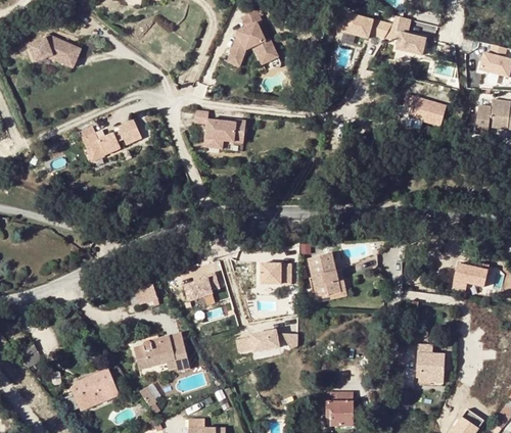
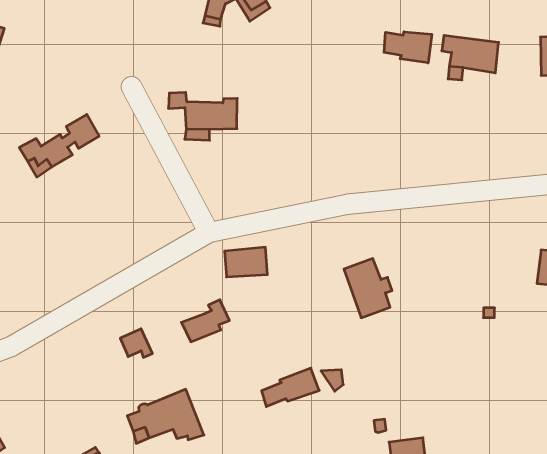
building: none -> [384,32,432,63]
building: [259,263,290,285] -> [225,247,267,277]
building: [417,344,445,378] -> none

